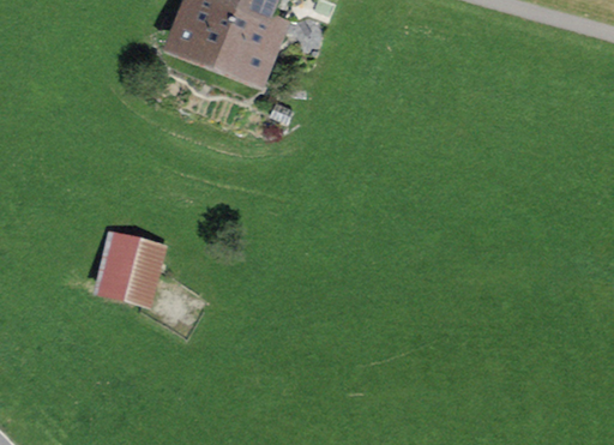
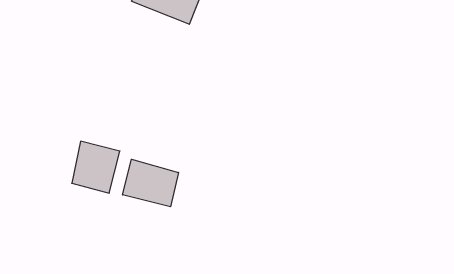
building: none -> [123,159,178,207]

